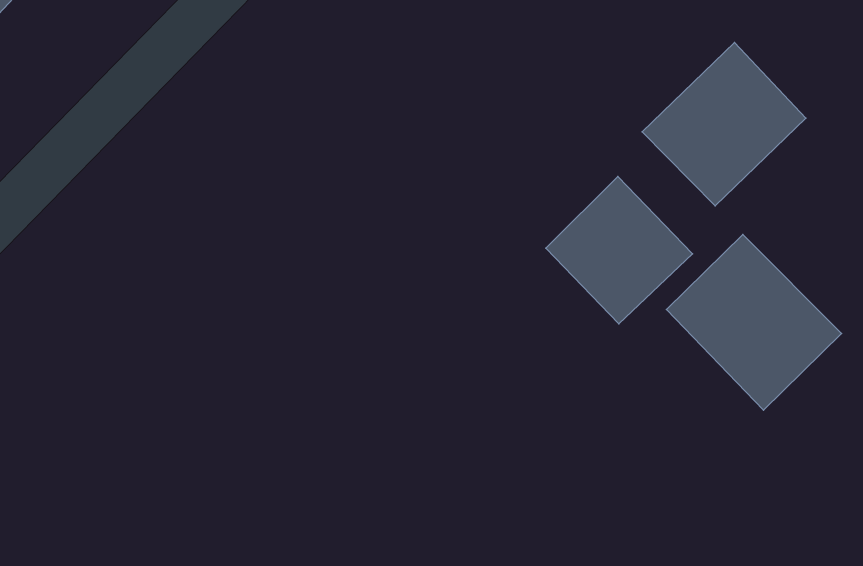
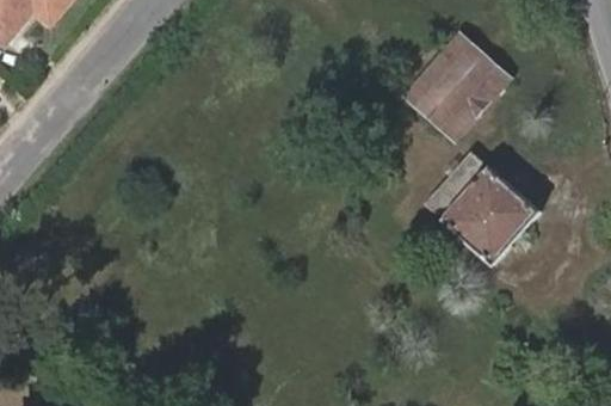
building: [546,177,693,324] -> none

